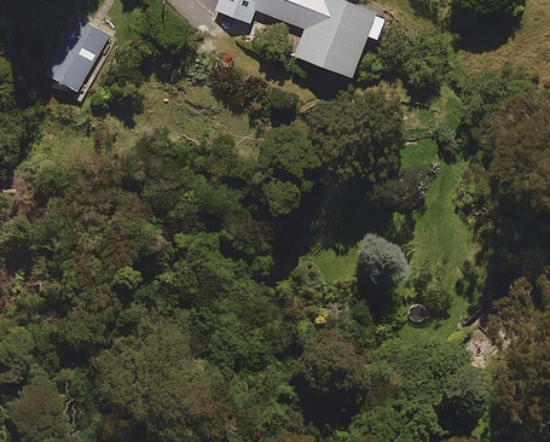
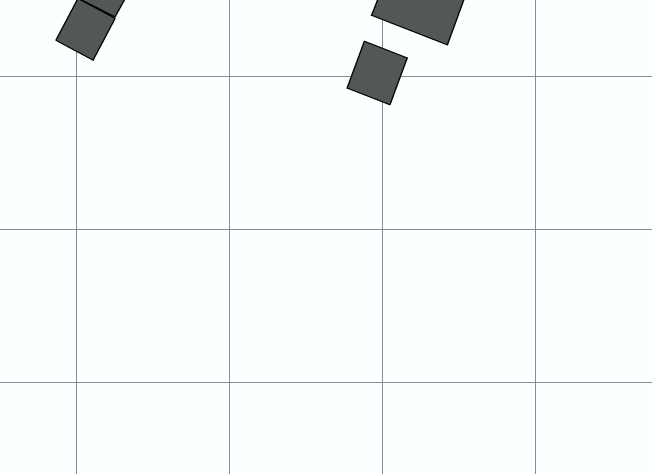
building: none -> [347,41,407,105]

